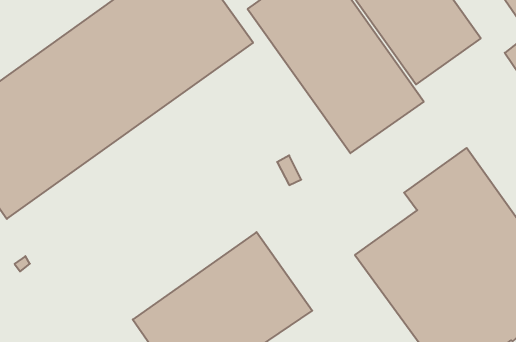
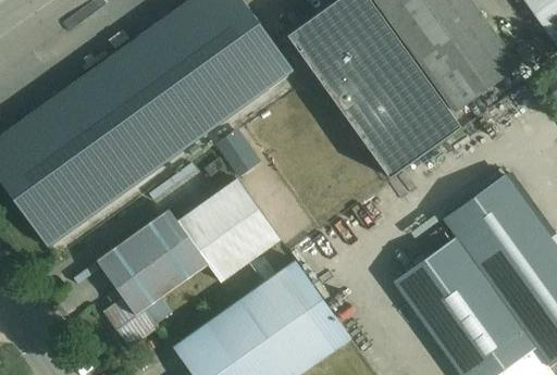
building: none -> [98,179,281,348]

